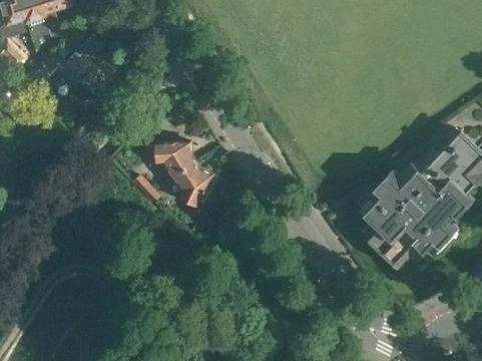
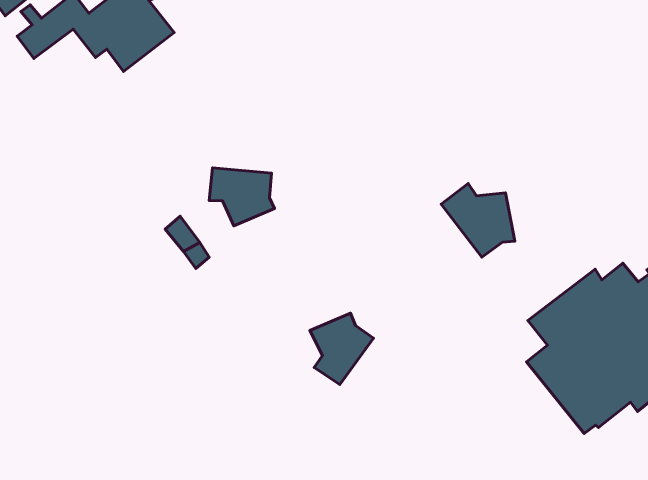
building: none -> [441,183,515,257]
building: [171,161,210,206] -> [310,313,373,385]

